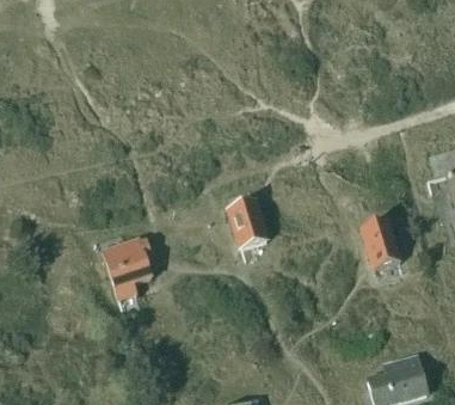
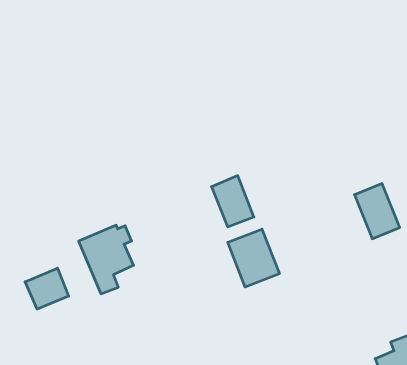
building: none -> [228,229,279,287]
building: none -> [25,268,69,309]

